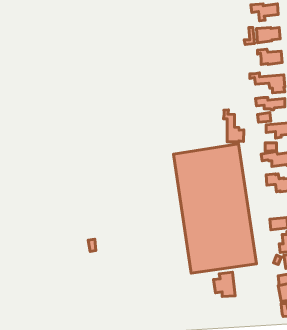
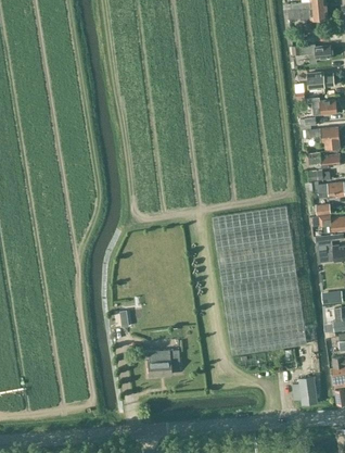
building: [224,110,244,142] -> none
building: none -> [149,351,180,377]
building: [214,272,235,297] -> [292,377,317,405]

